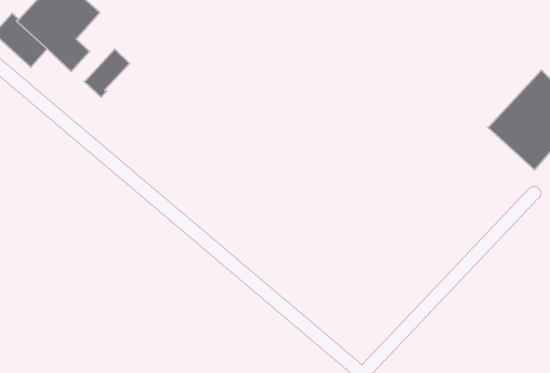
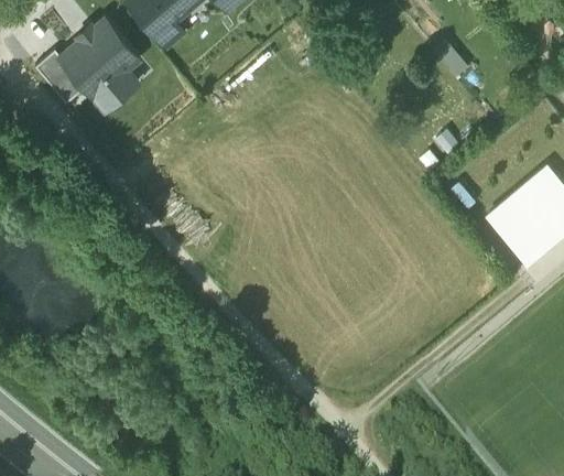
building: [84,49,130,97] -> none

